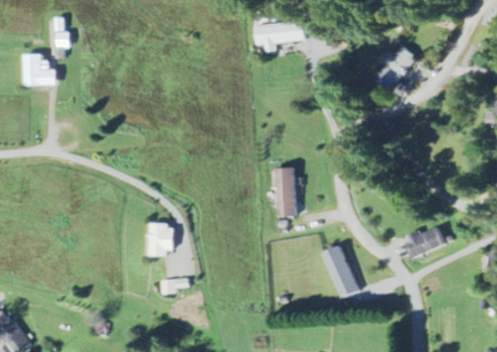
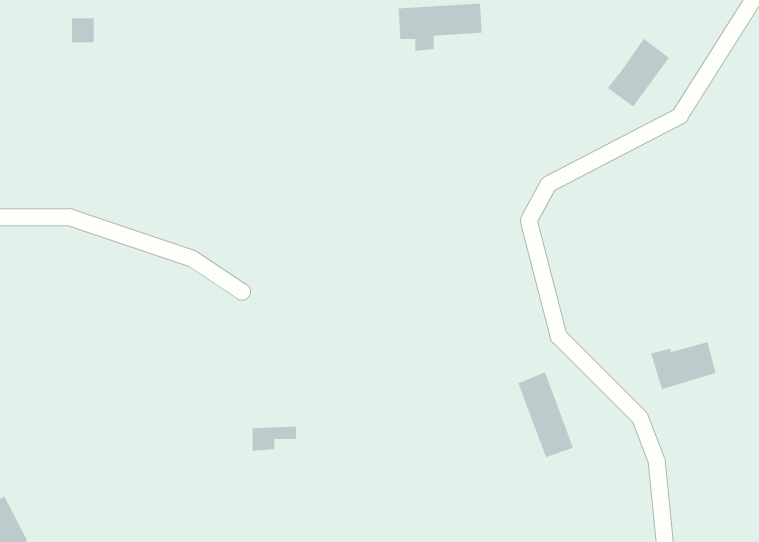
building: [21,53,57,85] -> none
building: [276,166,296,216] -> none
building: [150,223,177,253] -> none

